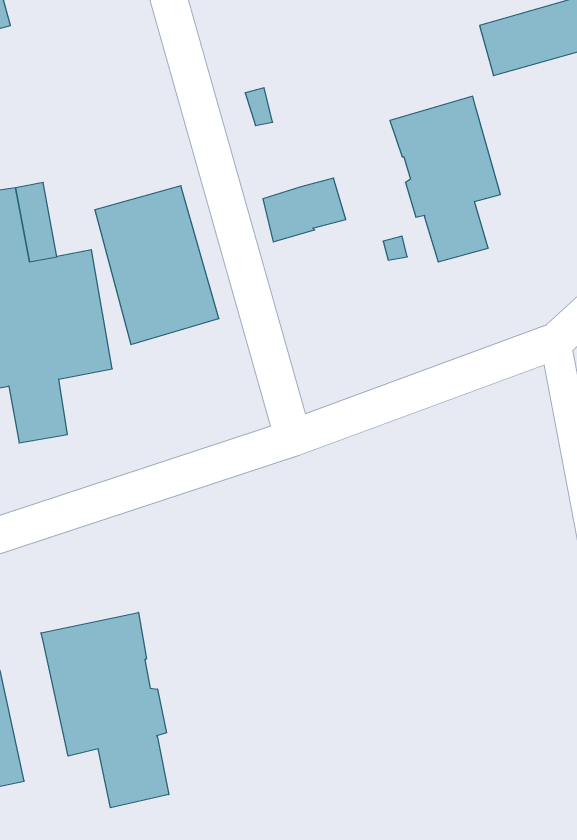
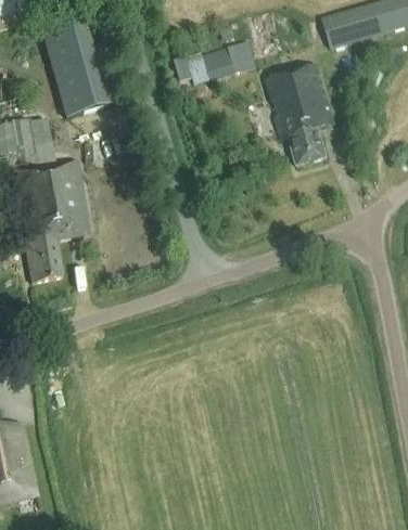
building: [263,178,346,242] -> [203,40,255,80]
building: [95,186,219,344] -> [42,16,120,116]
building: [41,612,169,808] -> none

